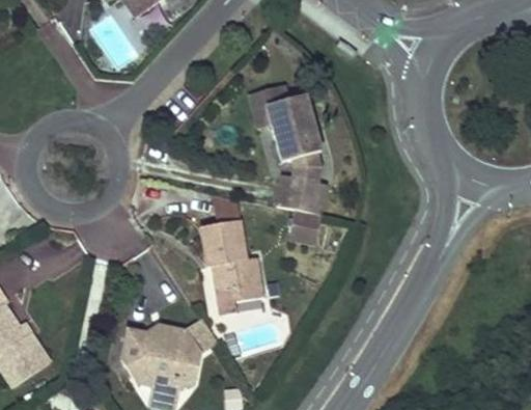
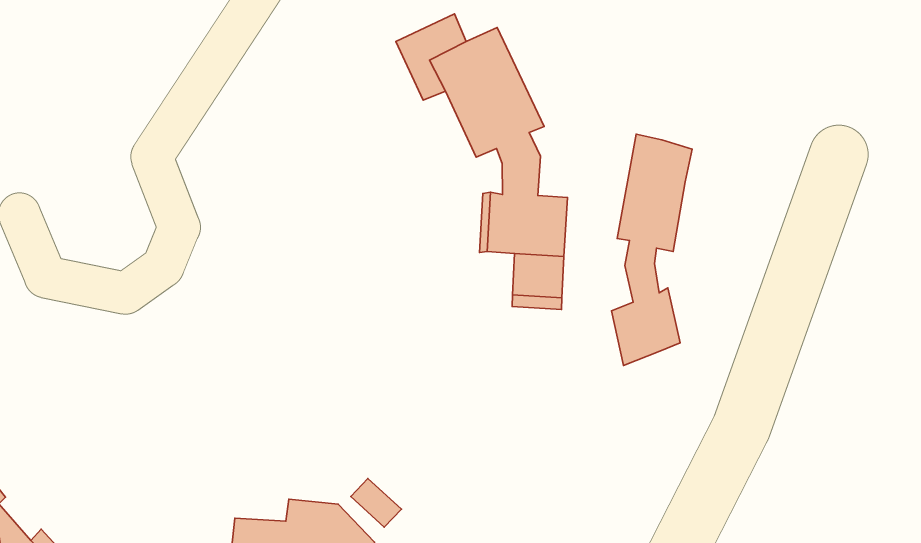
building: none -> [611,134,692,366]
building: [199,220,263,301] -> none

